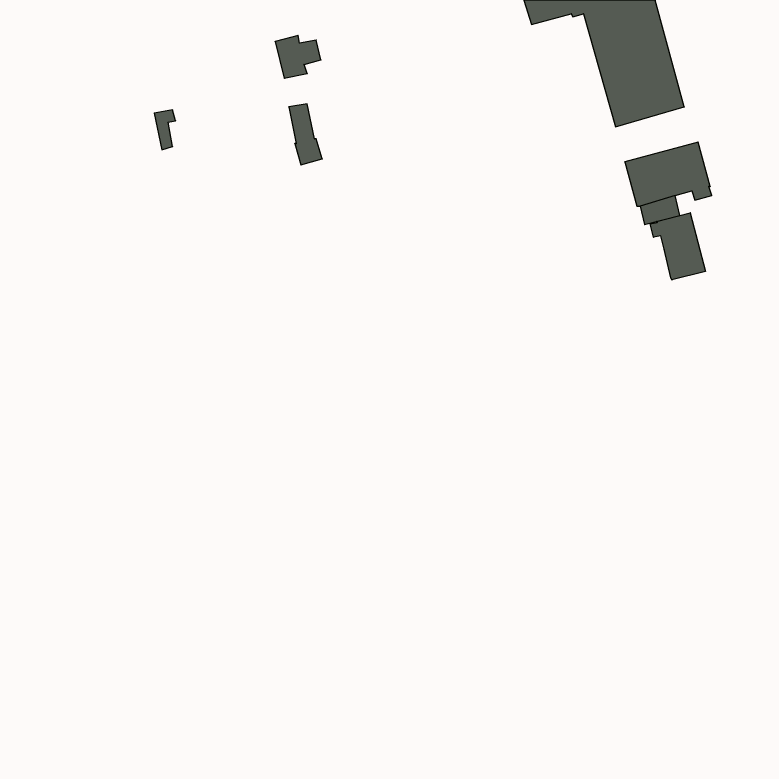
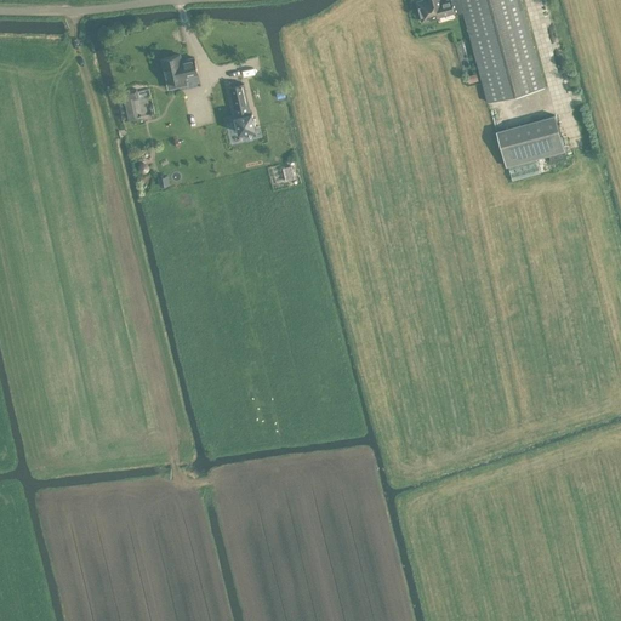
building: [275,35,321,78] -> [161,53,198,87]
building: [650,213,705,280] -> none

